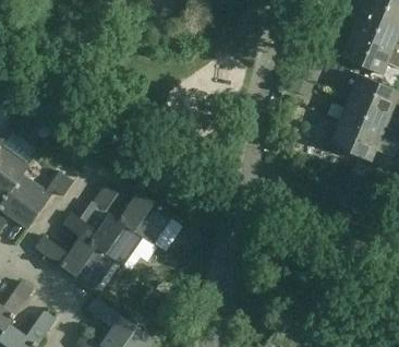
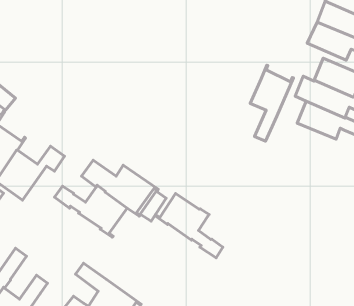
building: none -> [250,65,293,141]
building: none -> [155,194,223,258]
building: [35,235,114,291] -> none

